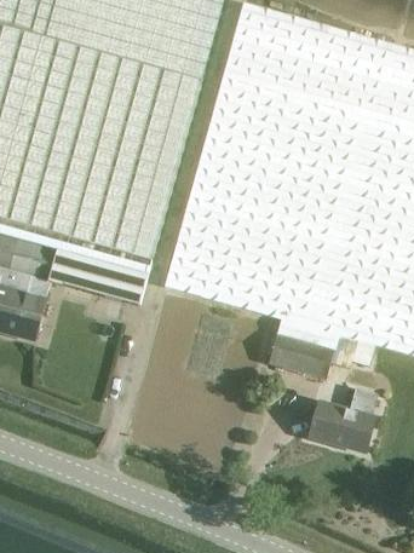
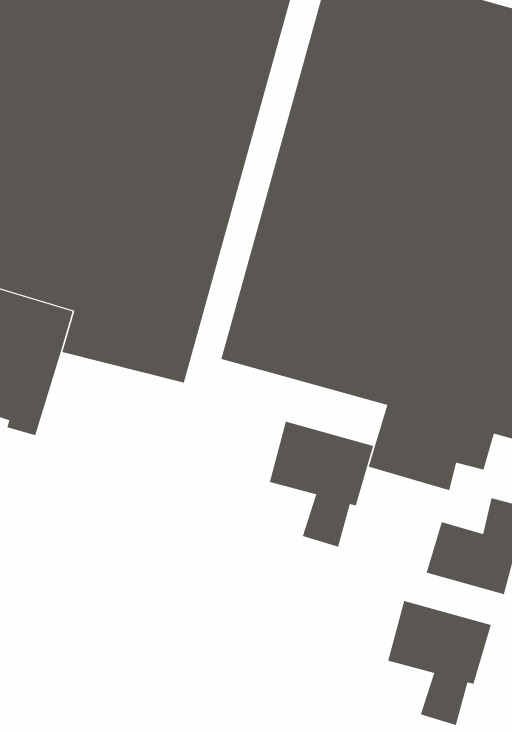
building: none -> [269,421,374,547]
building: none -> [388,600,491,726]

